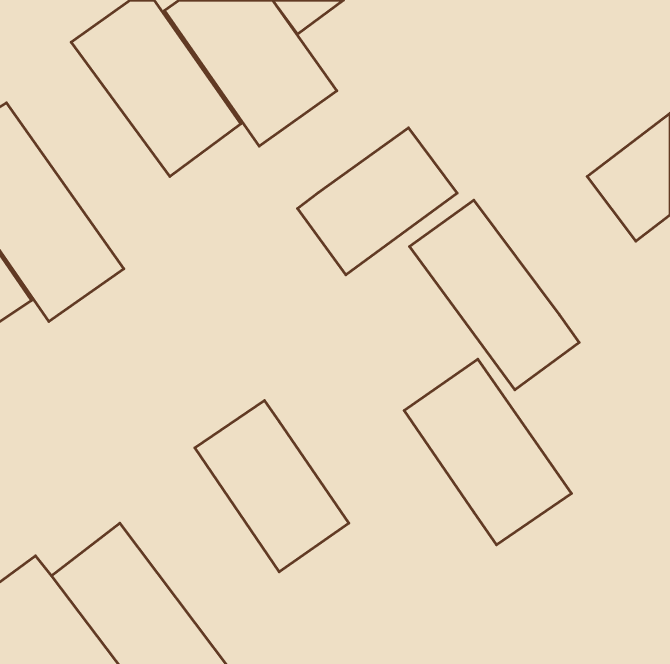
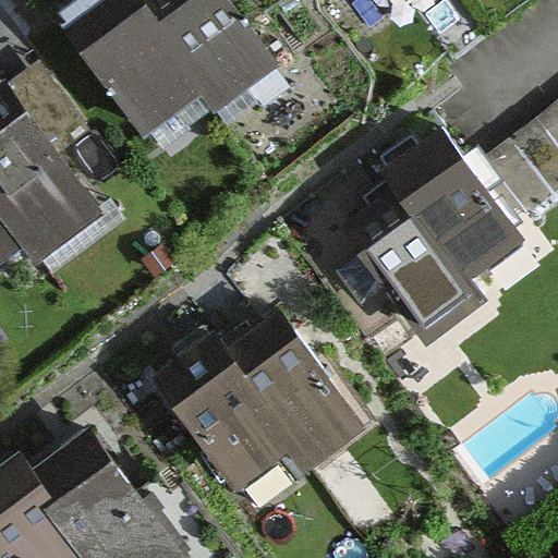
building: none -> [380,110,524,268]
building: [297,128,457,275] -> none
building: [404,359,571,545] -> [231,314,369,468]

